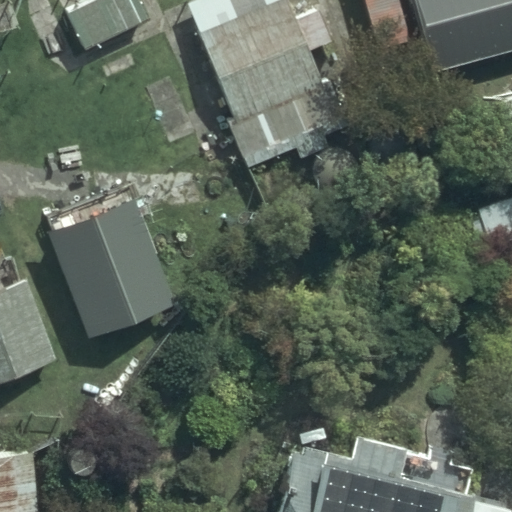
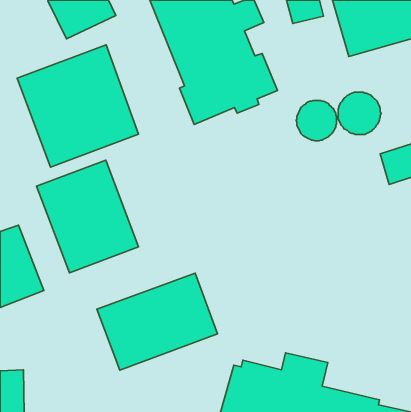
building: none -> [17,45,139,167]
building: none -> [97,273,218,370]

